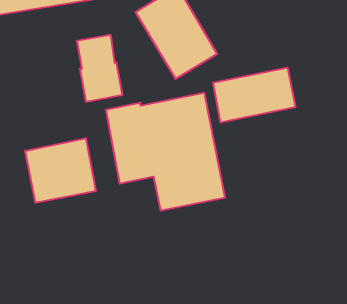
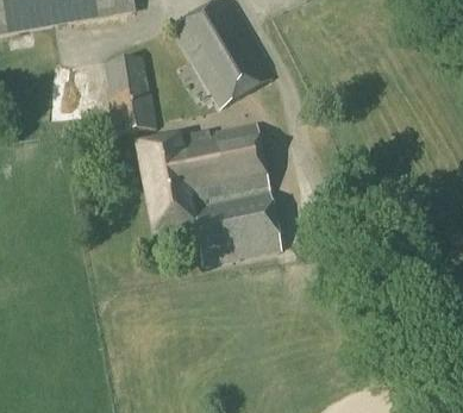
building: [213,68,295,122] -> none
building: [25,138,96,203] -> none

